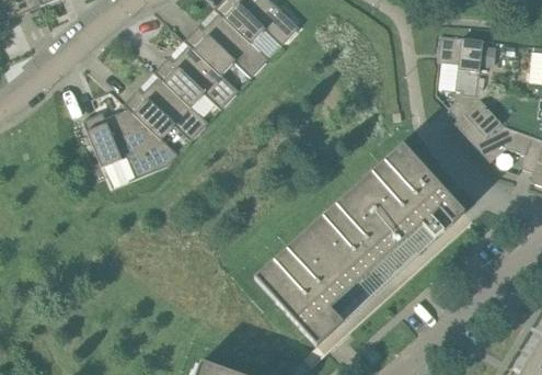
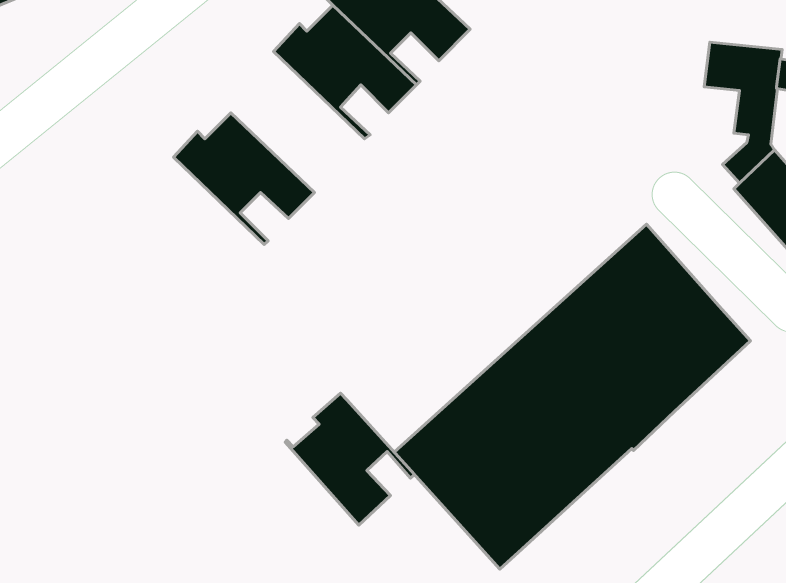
building: [154,44,238,123] -> none
building: [83,102,178,189] -> none
building: none -> [285,393,414,525]

